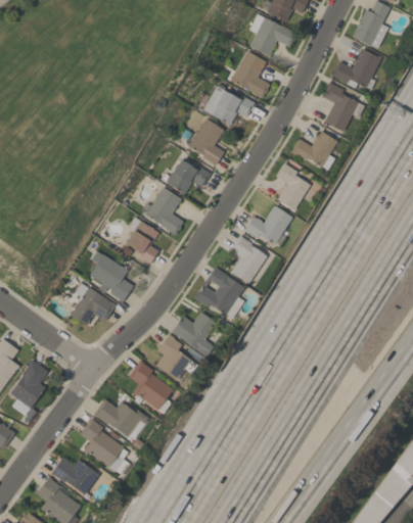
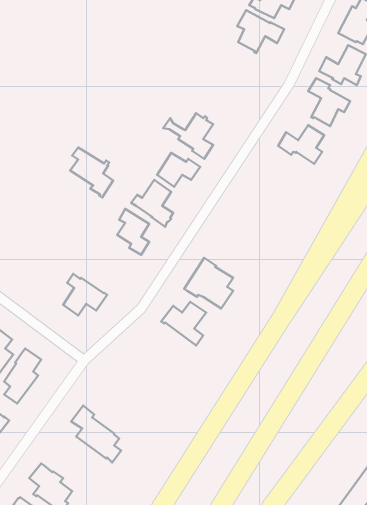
building: [231,51,270,98] -> none
building: [192,86,255,125] -> none
building: [275,162,310,210] -> none
building: [244,205,292,247] -> none
building: [230,235,267,283] -> none
building: [89,251,133,302] -> [70,148,113,197]
building: [155,334,197,381] -> none
building: [128,360,173,414] -> none
building: [93,398,148,437] -> none
building: [51,457,98,494] -> none

